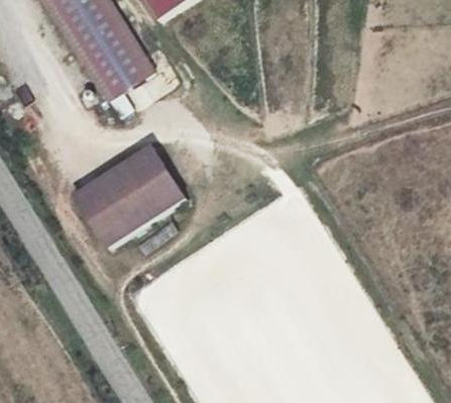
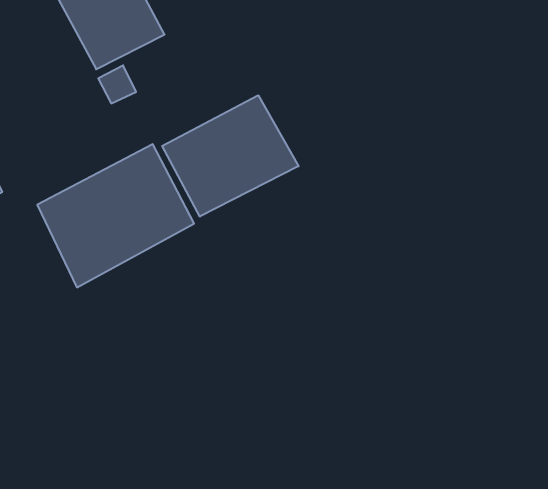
building: none -> [162,95,299,217]

